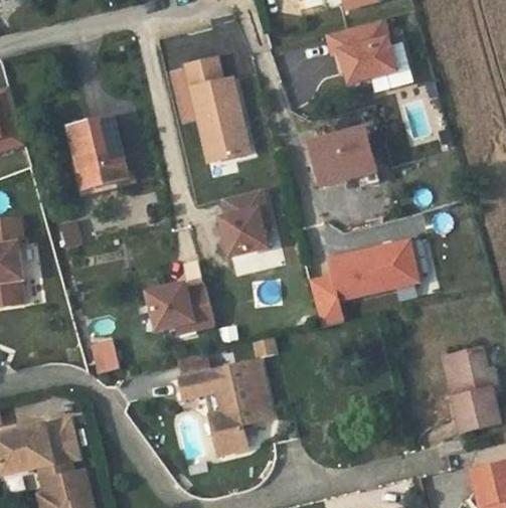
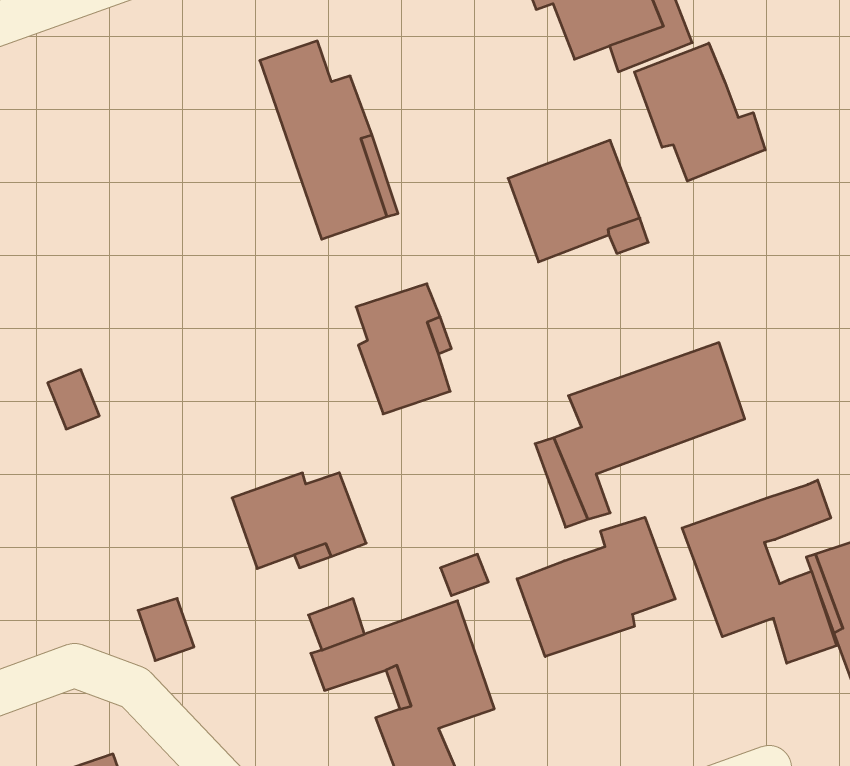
building: none -> [634,43,765,181]
building: [70,120,126,189] -> none
building: none -> [682,480,837,663]
building: none -> [517,517,675,657]

